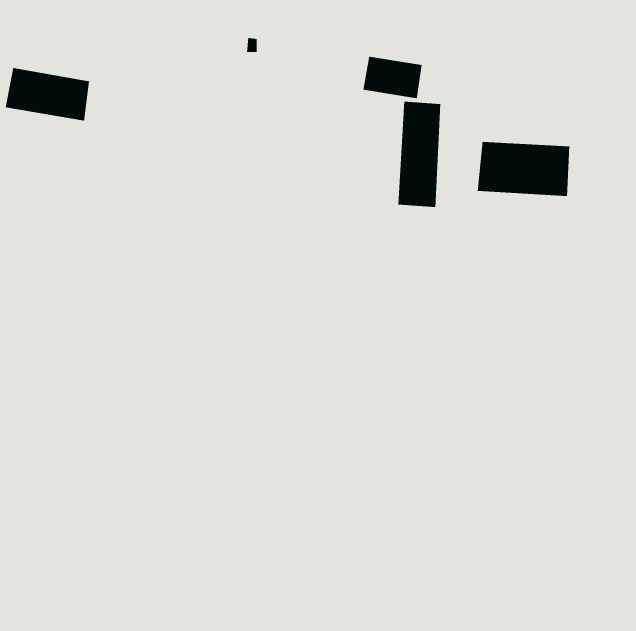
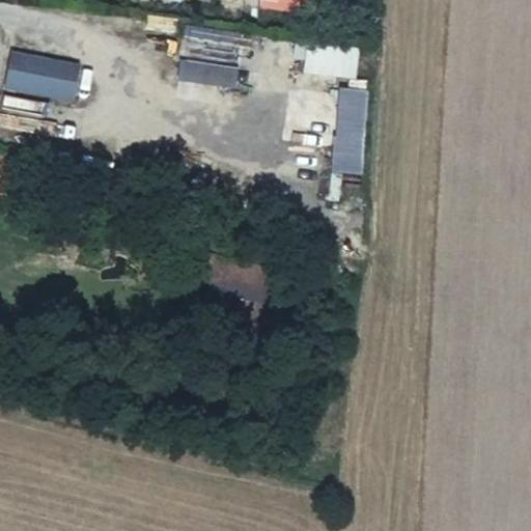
building: none -> [180,57,240,83]
building: [477,141,570,197] -> none

